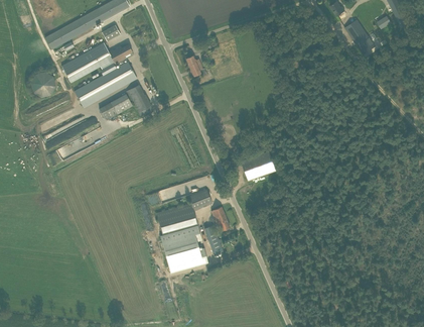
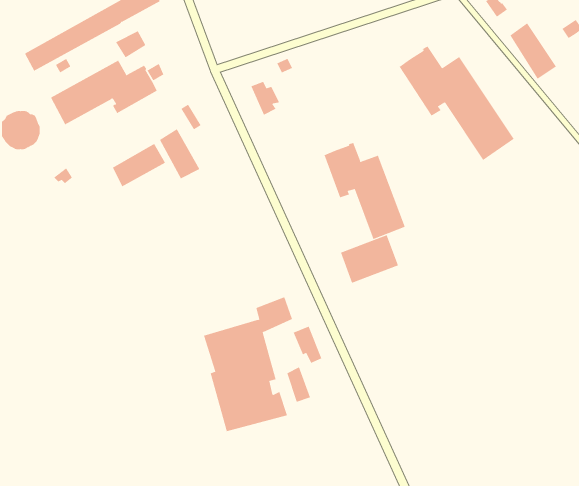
building: none -> [399,46,515,161]
building: [74,61,137,107] -> none
building: none -> [324,142,406,240]

